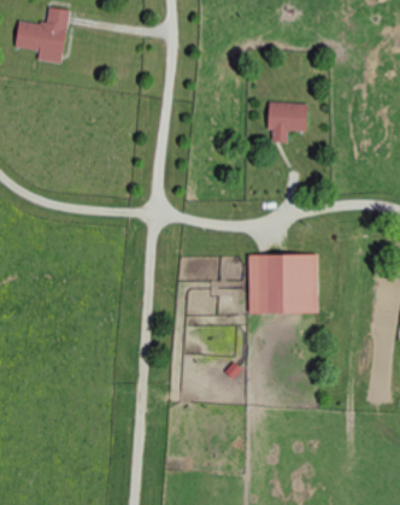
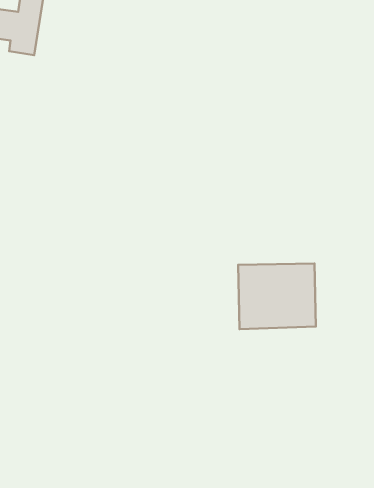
building: [267,102,307,143] -> none

